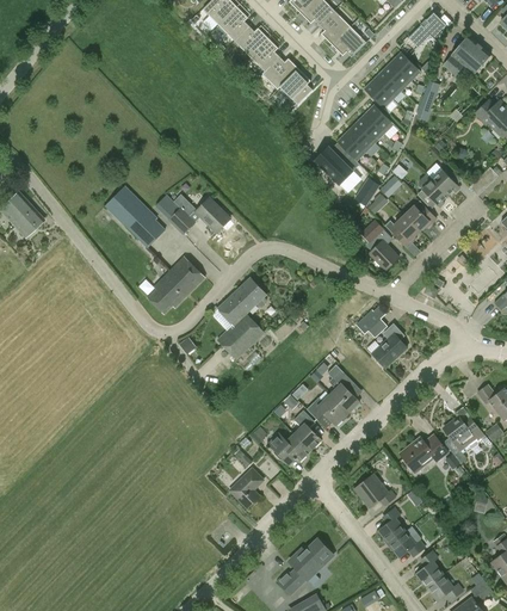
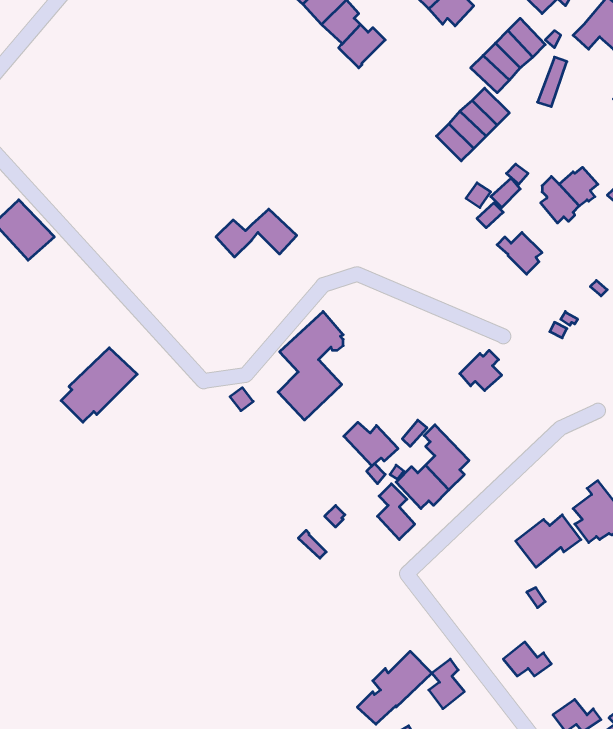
building: [280,68,313,104] -> none
building: [316,147,360,185] -> none
building: [105,187,166,248] -> none
building: [403,200,438,232] -> none
building: [366,224,398,270] -> none
building: [147,257,205,314] -> [61,348,137,422]
building: [366,325,407,368] -> none
building: [267,432,309,465] -> [344,422,398,466]
building: [229,468,264,508] -> none
building: [354,474,396,507] -> none
building: [378,506,406,544] -> [429,659,464,709]
building: [416,550,444,587] -> none

